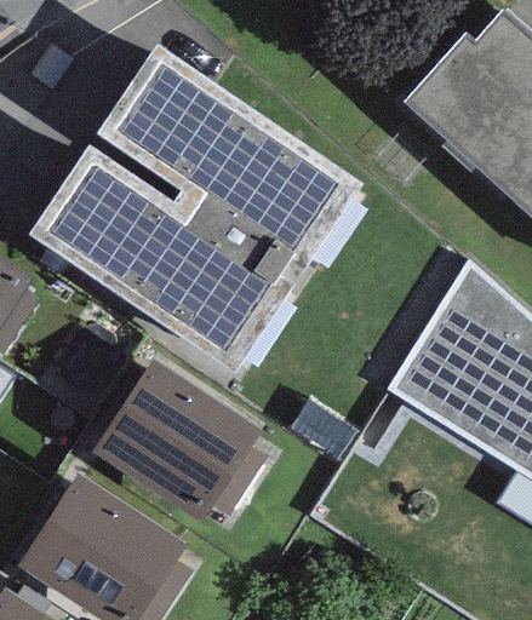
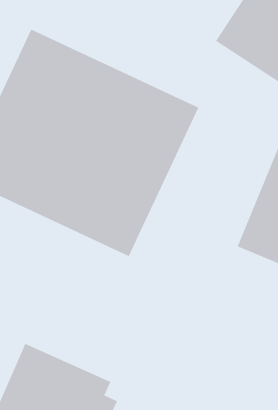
building: [91,360,265,522] -> none

